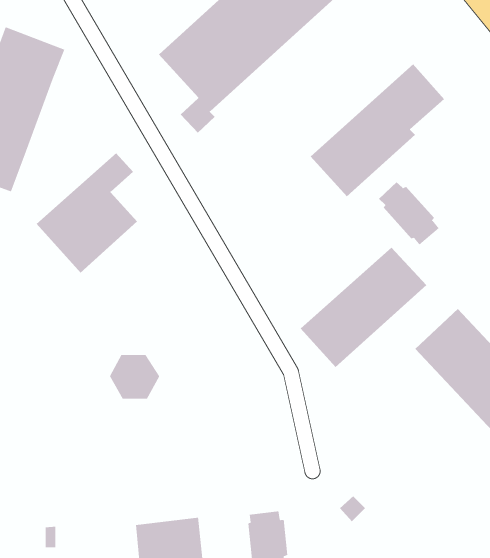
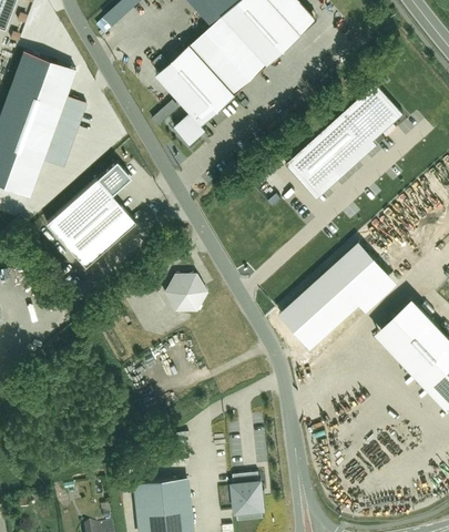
building: none -> [40,98,84,170]
building: [378,181,440,246] -> none
building: [109,355,160,399] -> [165,275,210,314]

